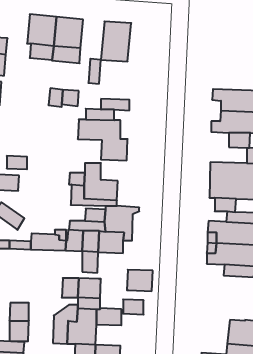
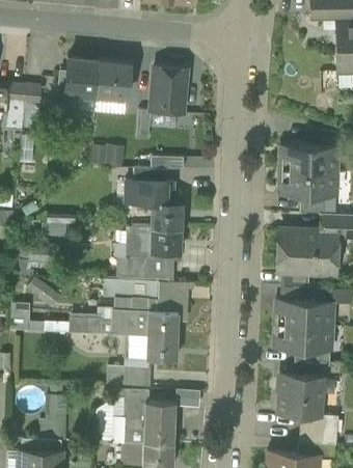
building: none -> [152,227,182,252]
building: none -> [104,279,157,299]
building: [127,270,153,291] -> [147,335,178,360]
building: none -> [278,375,323,415]
building: none -> [145,419,175,444]

